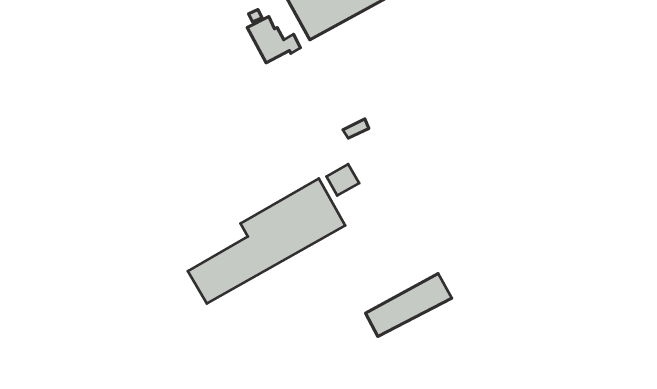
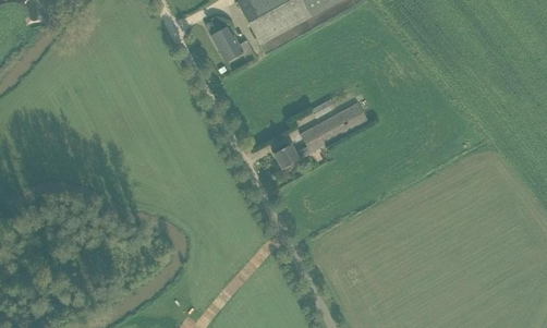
building: [188,179,345,303] -> none
building: [366,274,452,336] -> [301,101,369,151]

